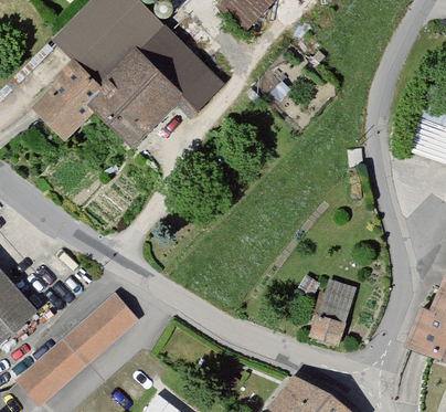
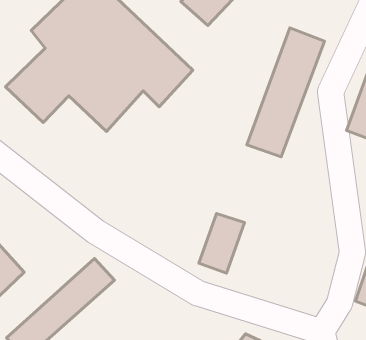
building: none -> [247,28,325,157]
building: [304,285,354,351] -> [199,214,244,273]

